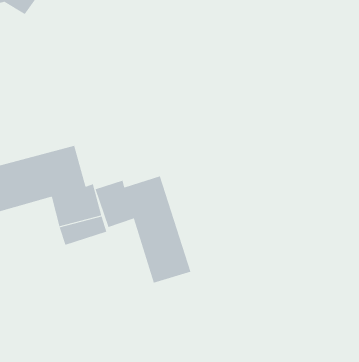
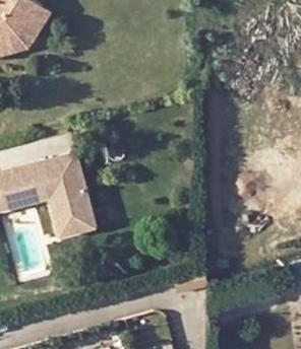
building: [95,176,191,284] -> none

